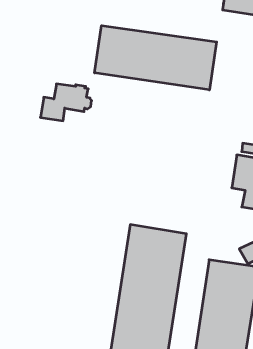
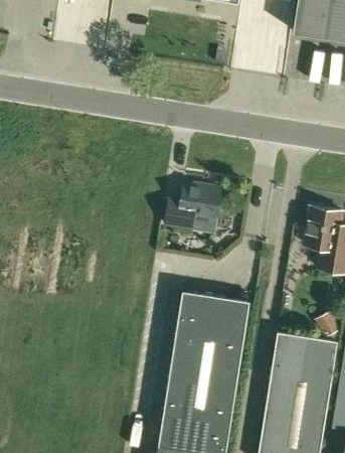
building: [95,26,217,90] -> none
building: [40,84,92,121] -> [164,183,225,228]

